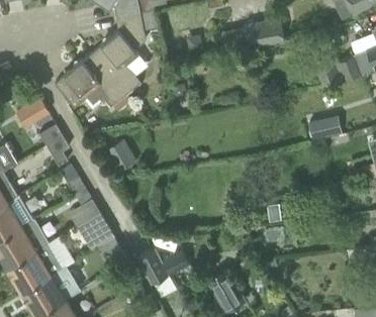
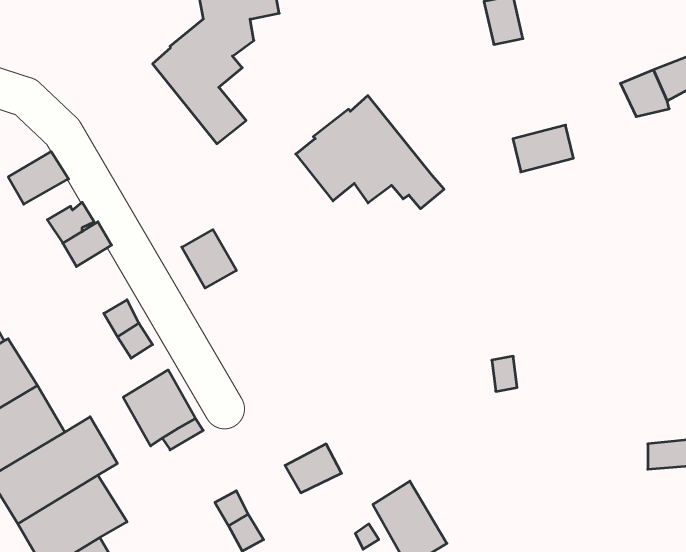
building: [55,54,131,112] -> [296,96,444,209]
building: [311,115,343,139] -> [513,125,573,172]
building: [138,249,169,284] -> none

